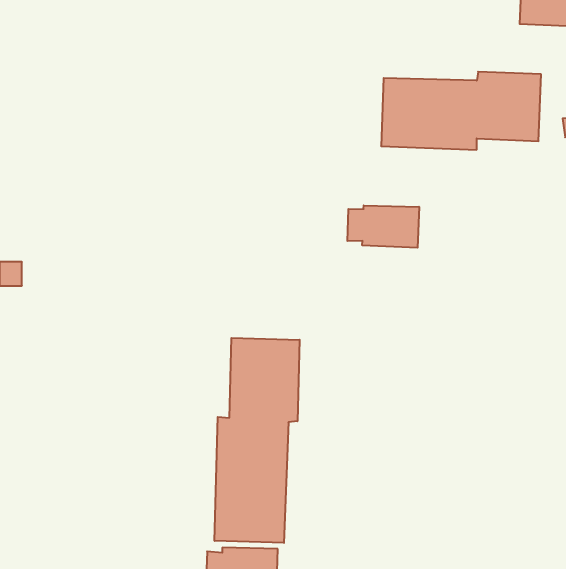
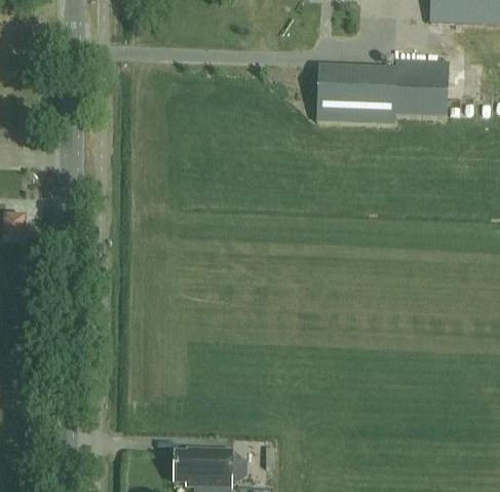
building: [347,205,419,248] -> none
building: [215,338,300,543] -> none

